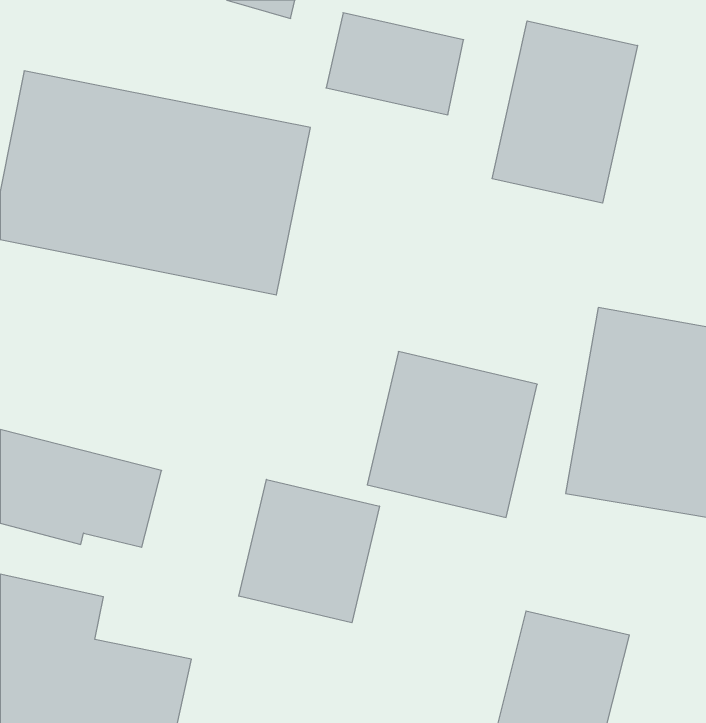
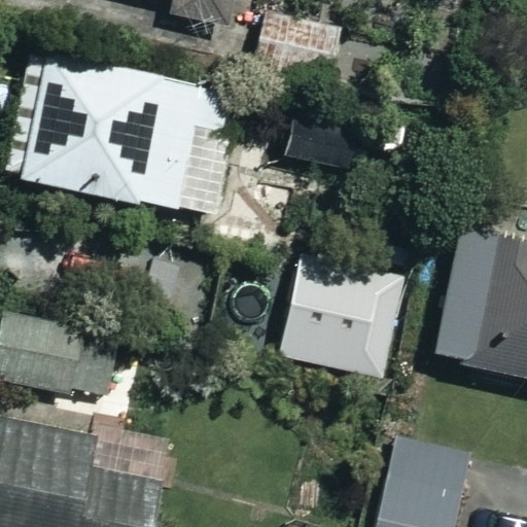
building: [492,21,638,203] -> none
building: [239,479,379,623] -> none

